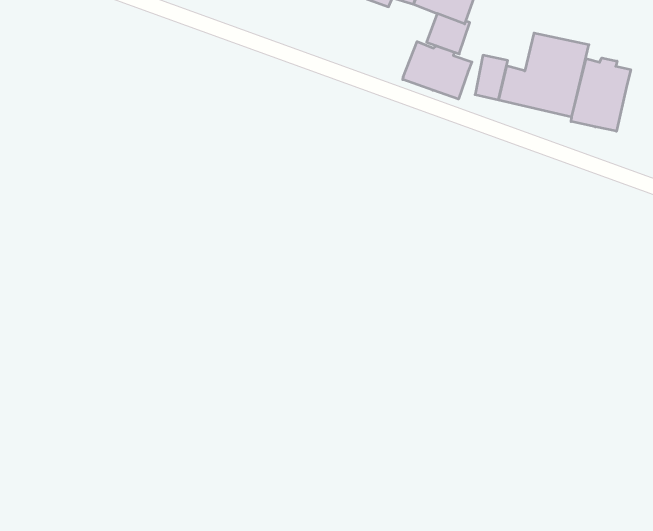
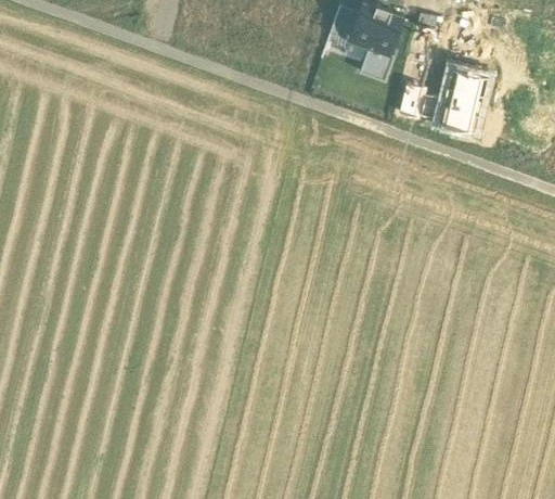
building: [403,42,472,99] -> none
building: [571,58,631,131] -> none

